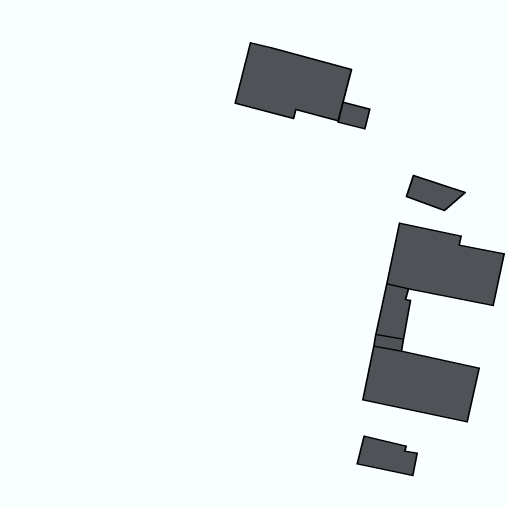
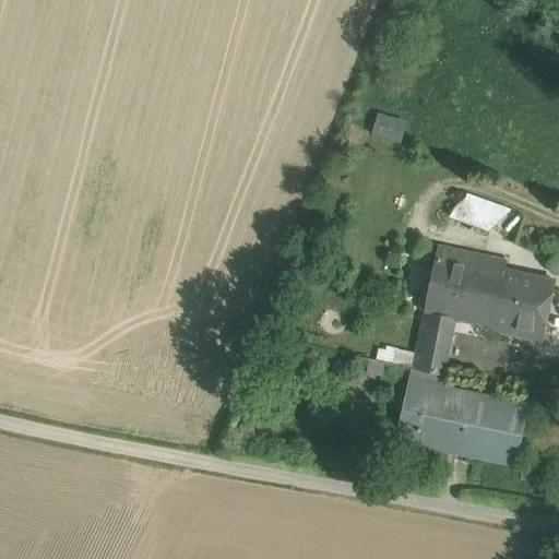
building: [235,43,351,121] -> none
building: [357,436,417,476] -> none

